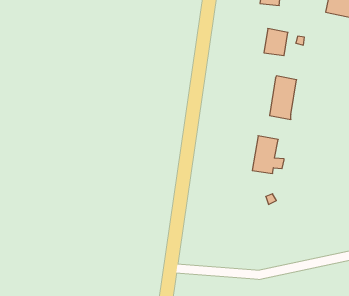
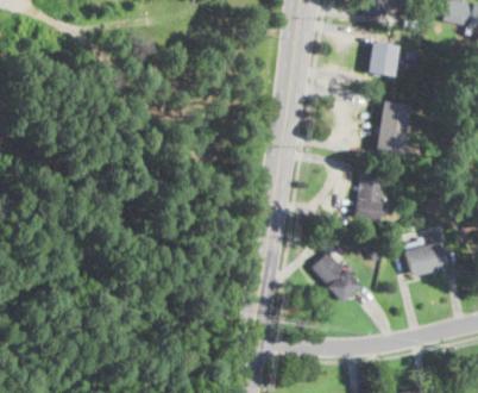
building: none -> [407,242,446,275]
building: none -> [312,250,361,302]

